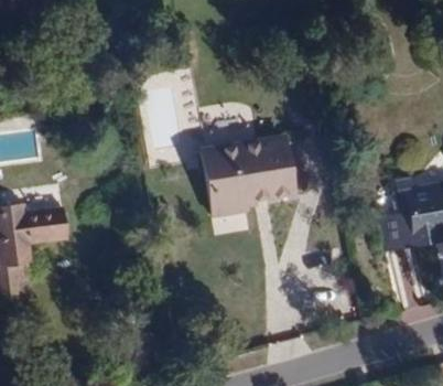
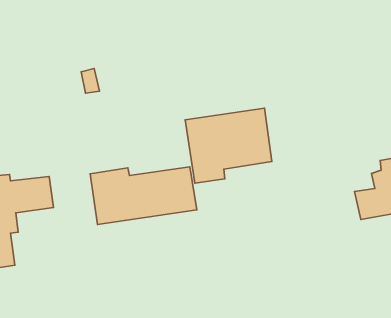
building: none -> [90,167,197,224]

